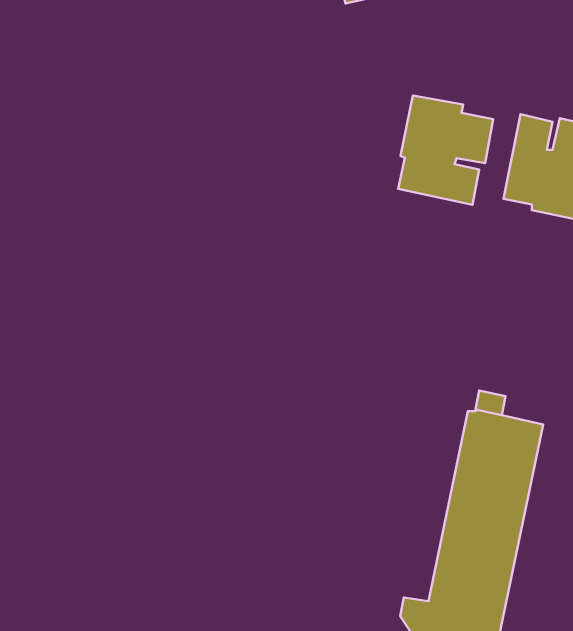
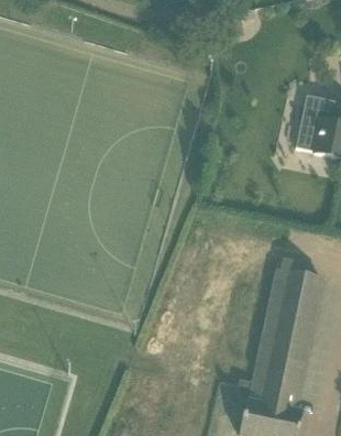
building: [398,96,493,205] -> none

